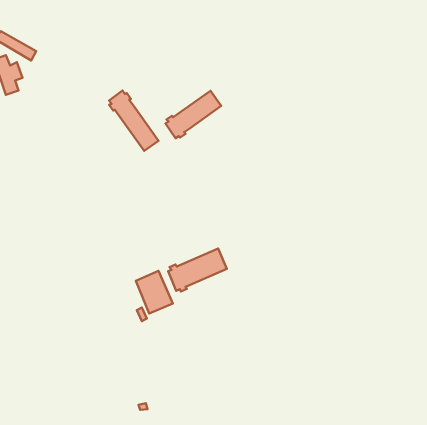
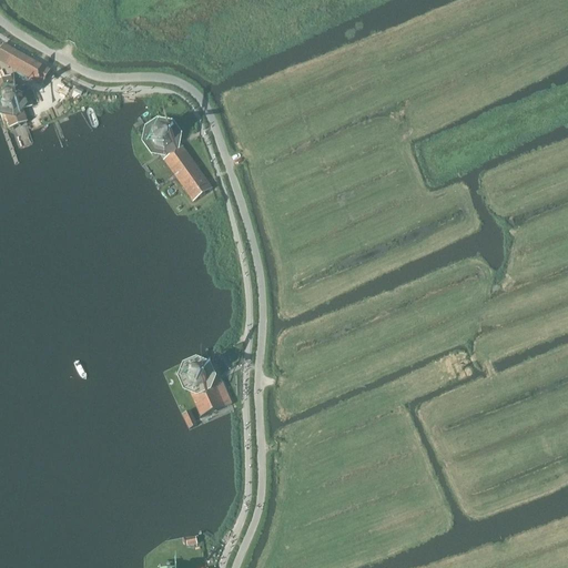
building: [165,91,221,138] -> none
building: [168,249,227,291] -> none

